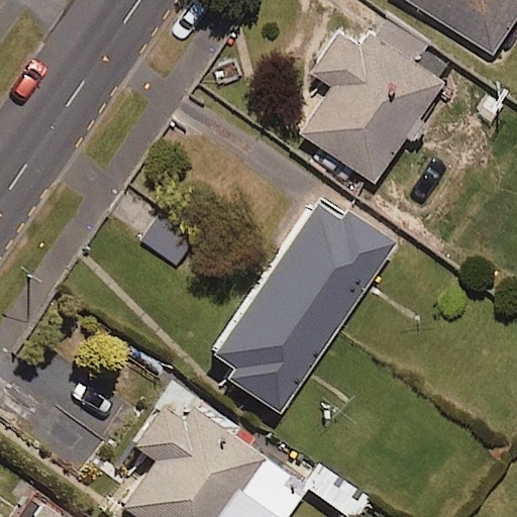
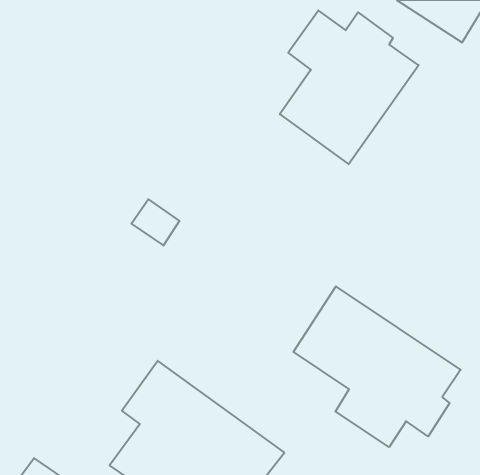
building: [209,196,393,415] -> none
building: none -> [293,286,461,447]

